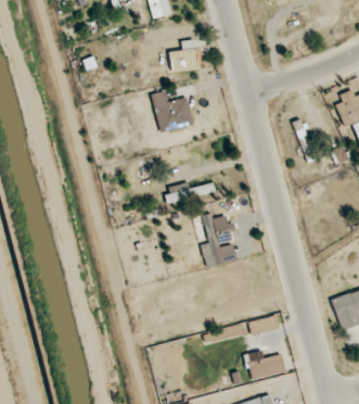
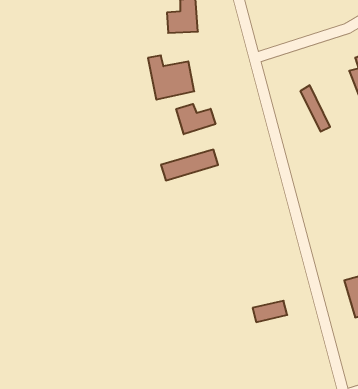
building: none -> [176,104,215,134]
building: [202,212,234,257] -> none
building: [247,353,286,379] -> none

